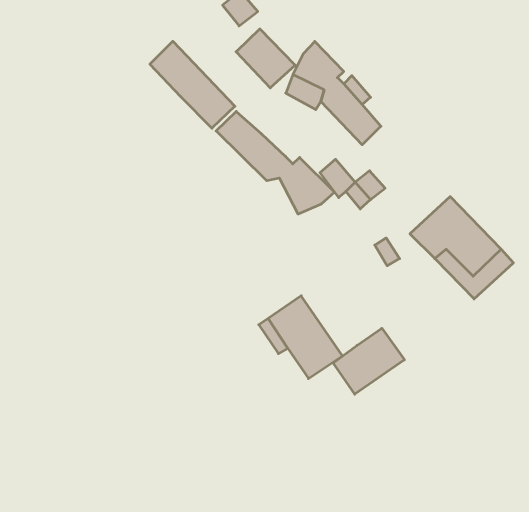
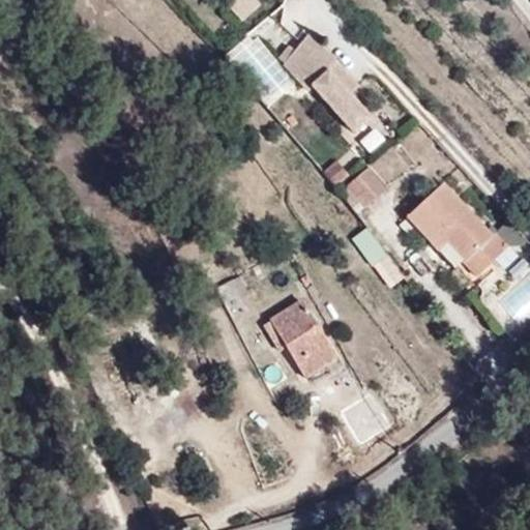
building: [150,41,235,128] -> none
building: [216,111,334,214] -> none
building: [333,328,404,394] -> none

